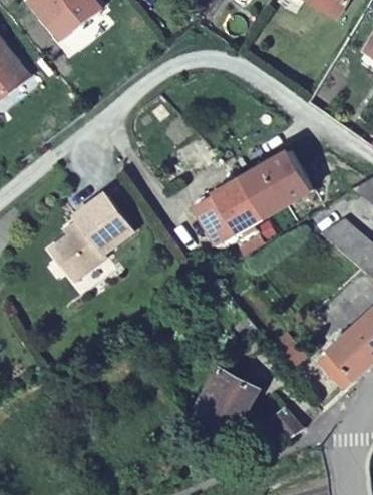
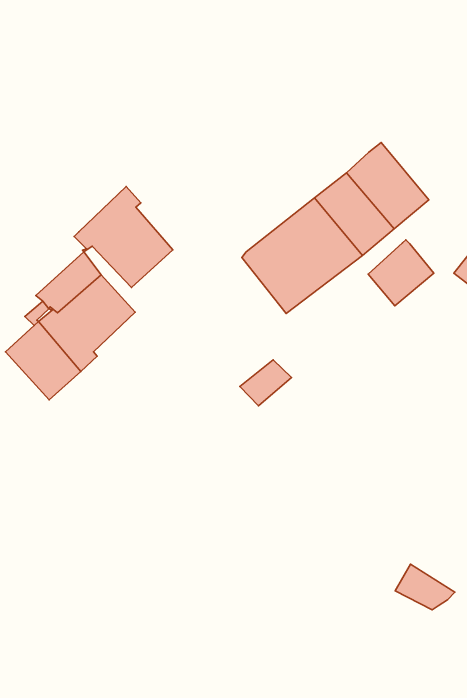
building: none -> [74,186,173,288]
building: none -> [368,240,434,306]
building: [188,364,258,433] -> none

